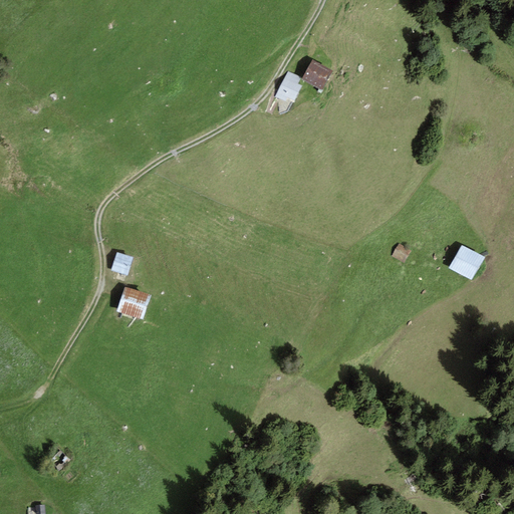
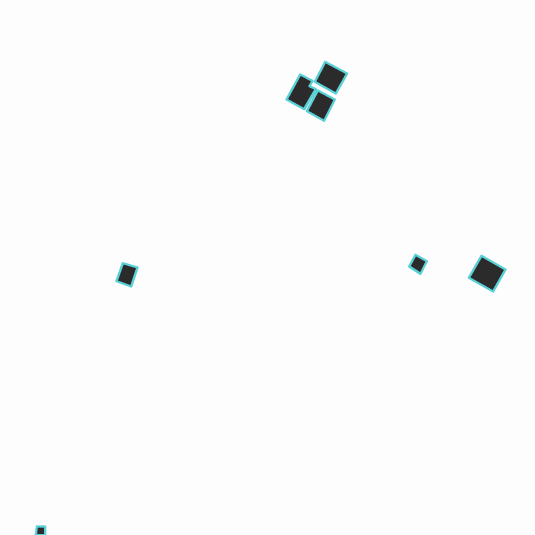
building: none -> [307,91,335,121]
building: [116,285,150,318] -> none

